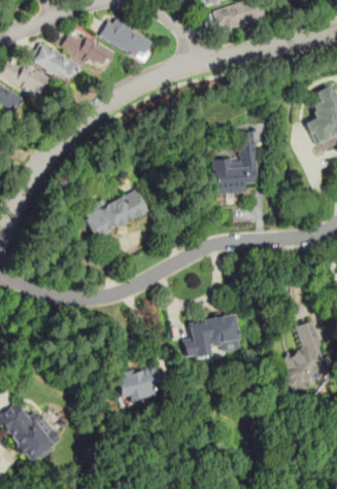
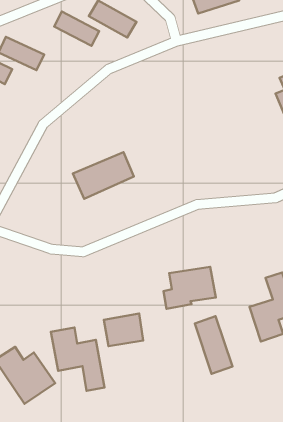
building: [30,46,79,82] -> none
building: [214,131,258,195] -> none
building: none -> [195,316,232,374]
building: none -> [51,327,104,391]

